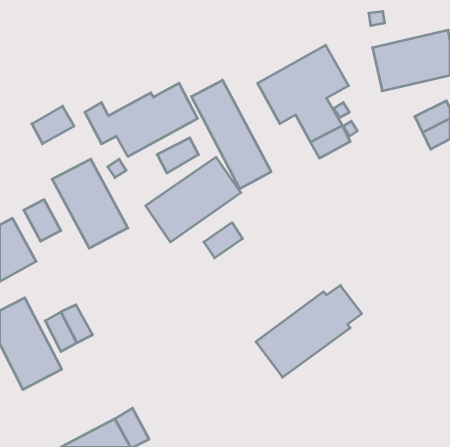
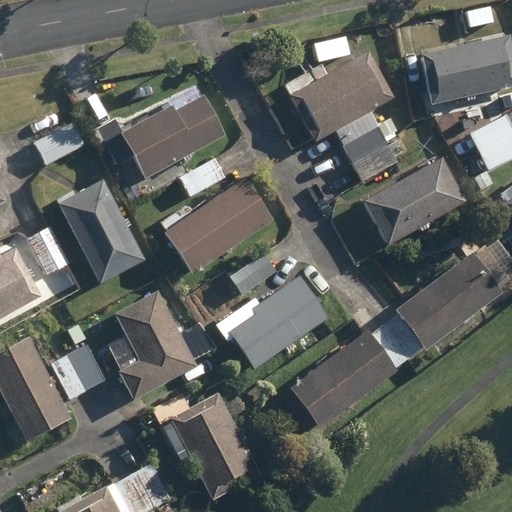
building: [191,80,271,189] -> none
building: none -> [363,156,467,244]
building: none -> [386,252,503,355]
building: none -> [214,275,328,368]
building: none -> [107,290,197,397]
building: none -> [152,392,261,499]

